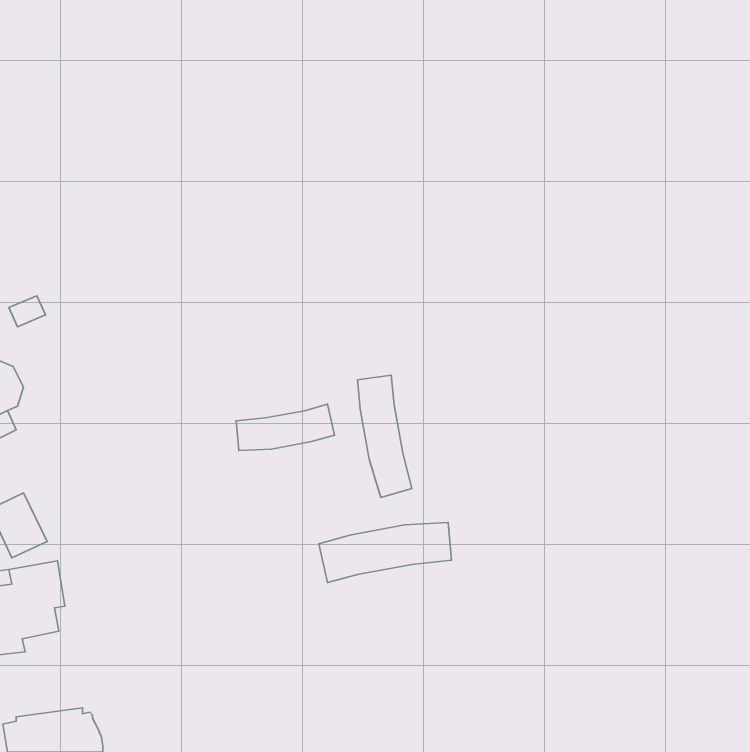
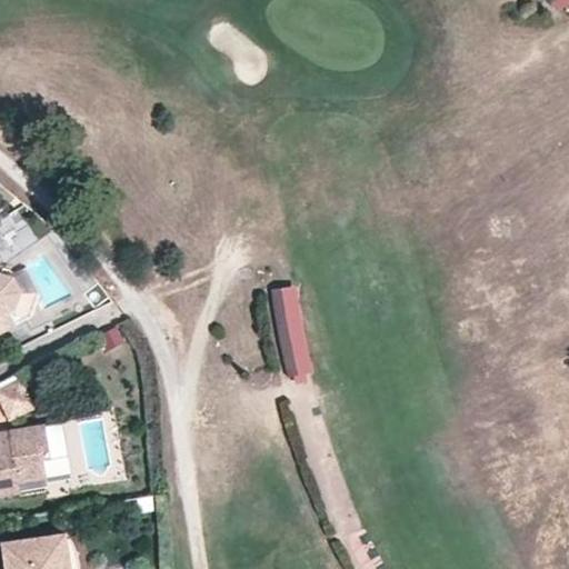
building: [236,404,335,450] -> none
building: [319,523,452,583] -> none

